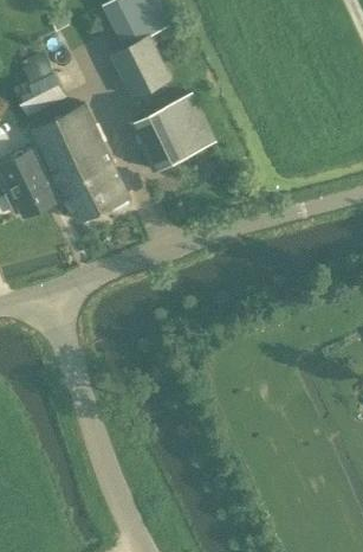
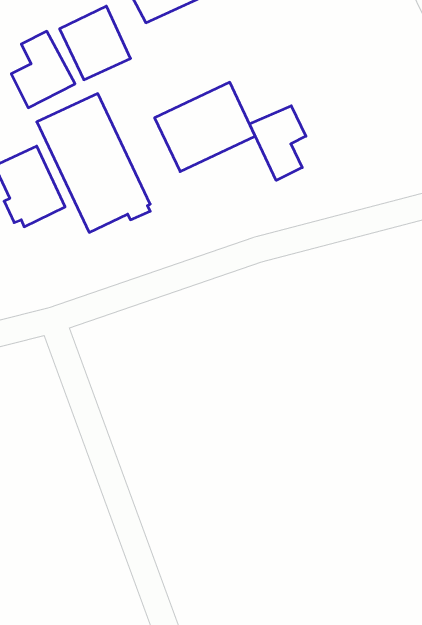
building: [112,36,171,97] -> [60,6,131,80]
building: none -> [249,106,306,180]

